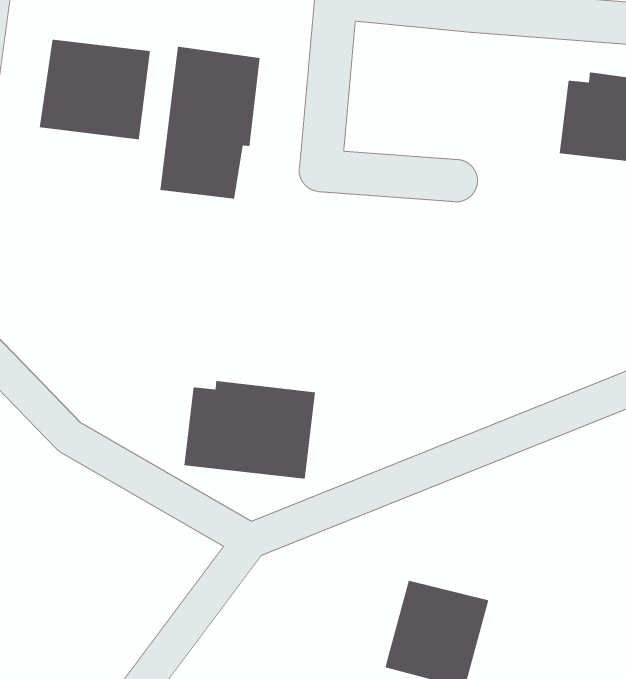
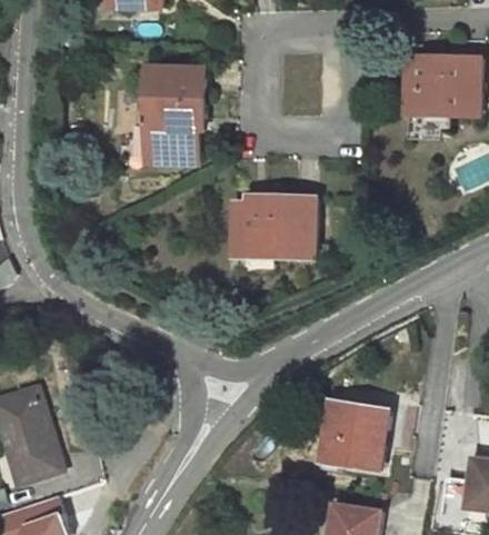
building: [39,39,151,140] -> none
building: [183,381,316,479] -> [232,196,315,255]

